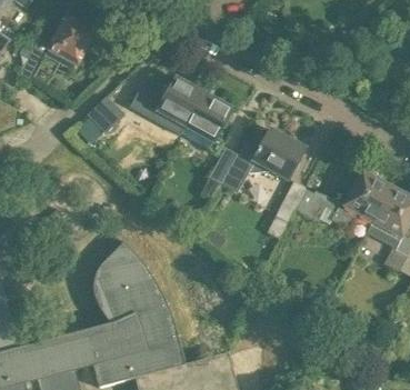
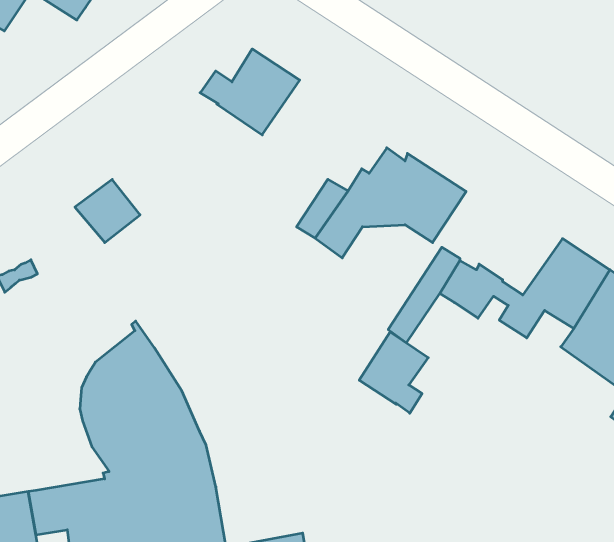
building: [184,91,231,152] -> none
building: [86,96,123,132] -> [75,179,140,243]
building: none -> [359,332,428,413]

